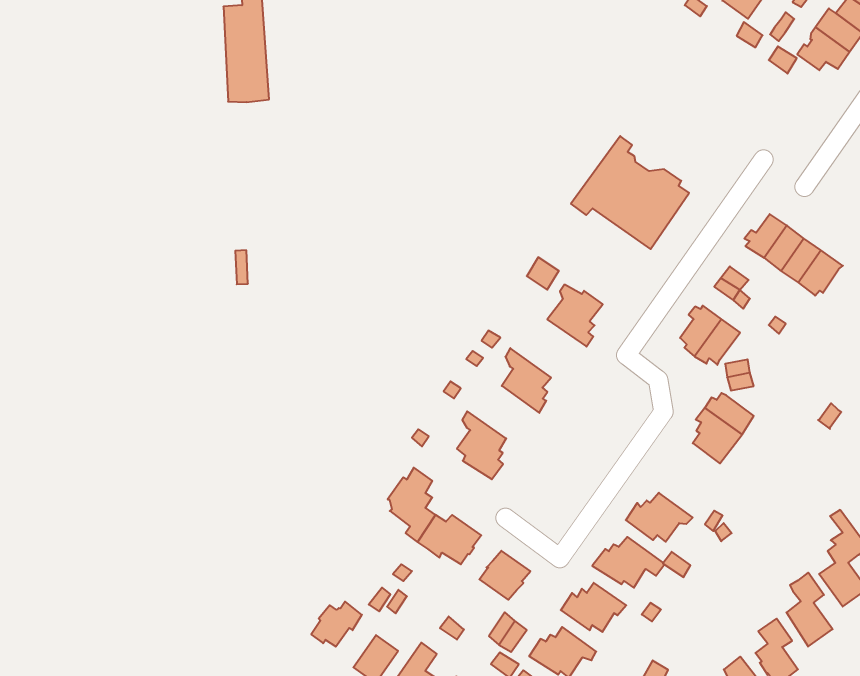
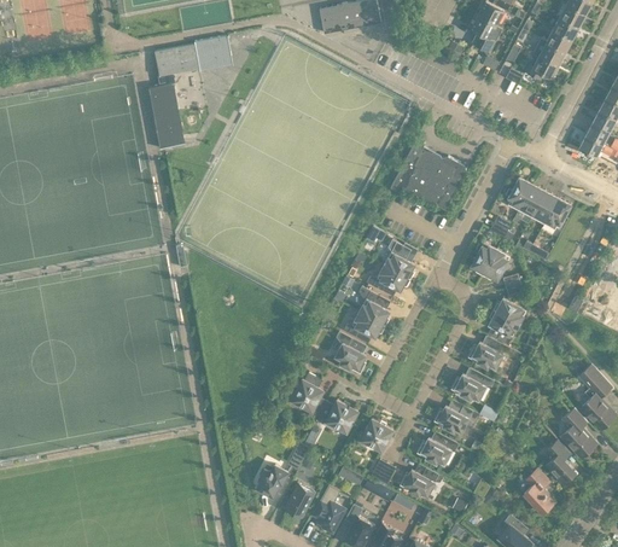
building: none -> [366,264,410,297]
building: none -> [343,312,385,343]
building: none -> [467,336,503,368]

